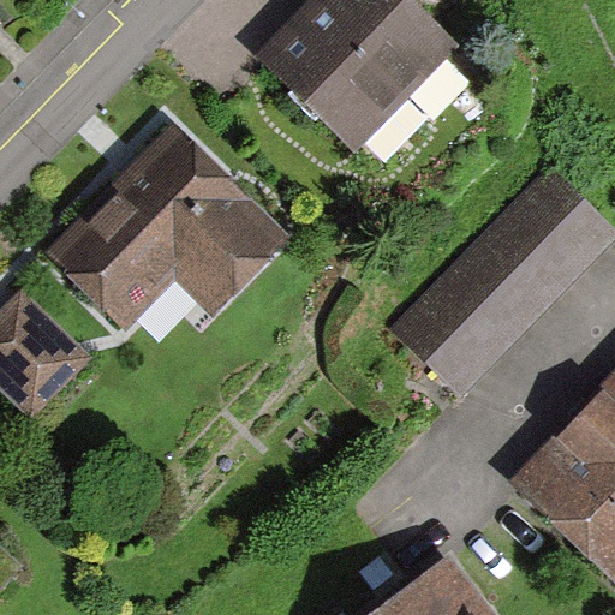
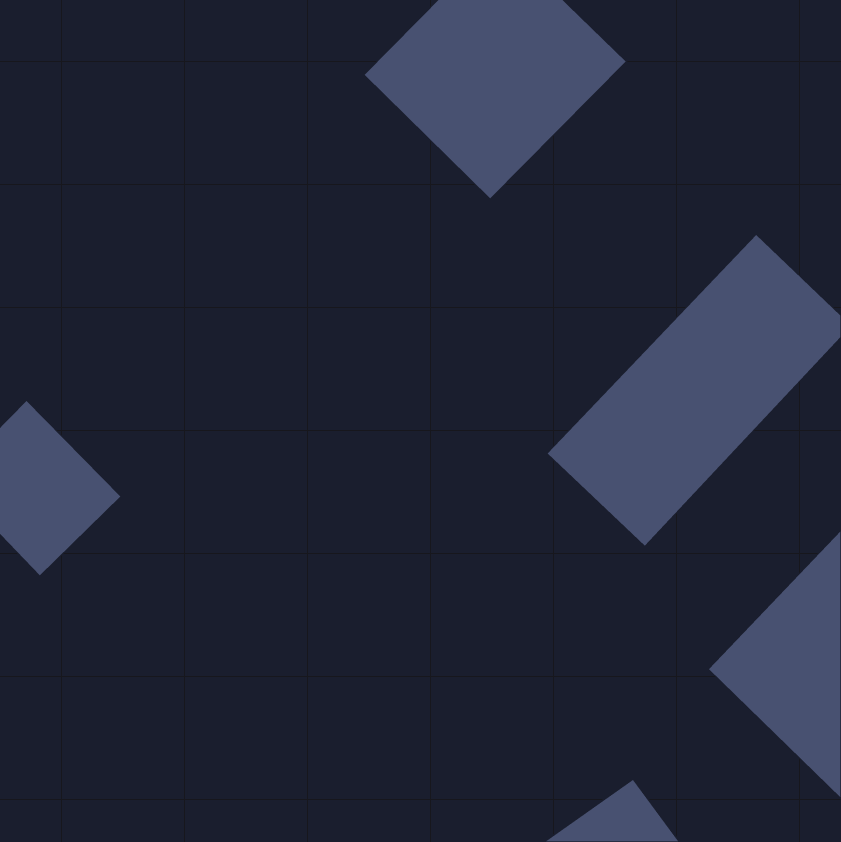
building: [47,124,288,321] -> none

